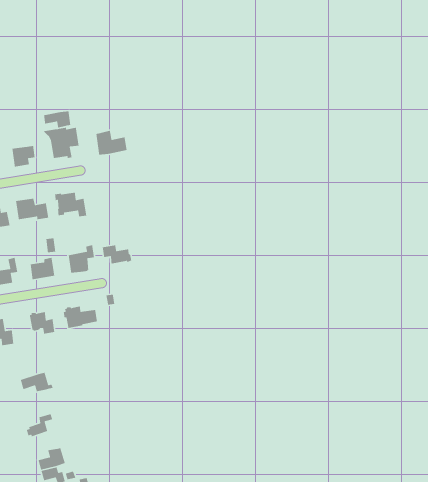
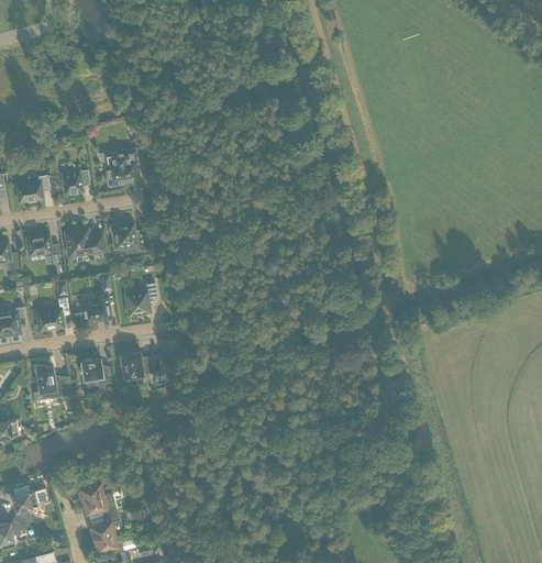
building: [43,111,71,128] -> none
building: [95,130,128,155] -> none
building: [102,244,132,265] -> none
building: [20,372,54,392] -> [82,492,121,515]

